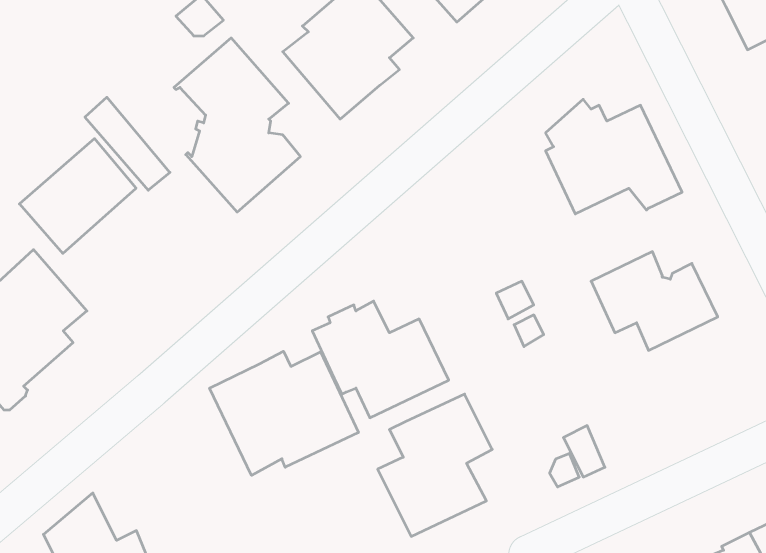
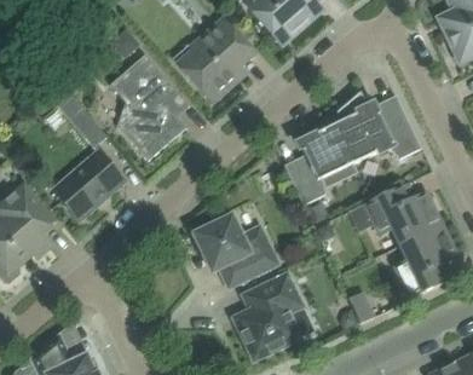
building: [19,139,136,253] -> [52,150,123,220]
building: none -> [283,123,354,204]
building: none -> [394,225,457,299]
building: [210,351,358,475] -> none

